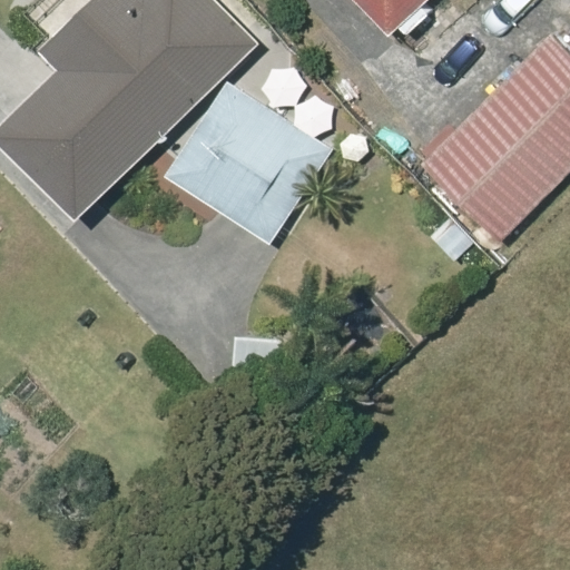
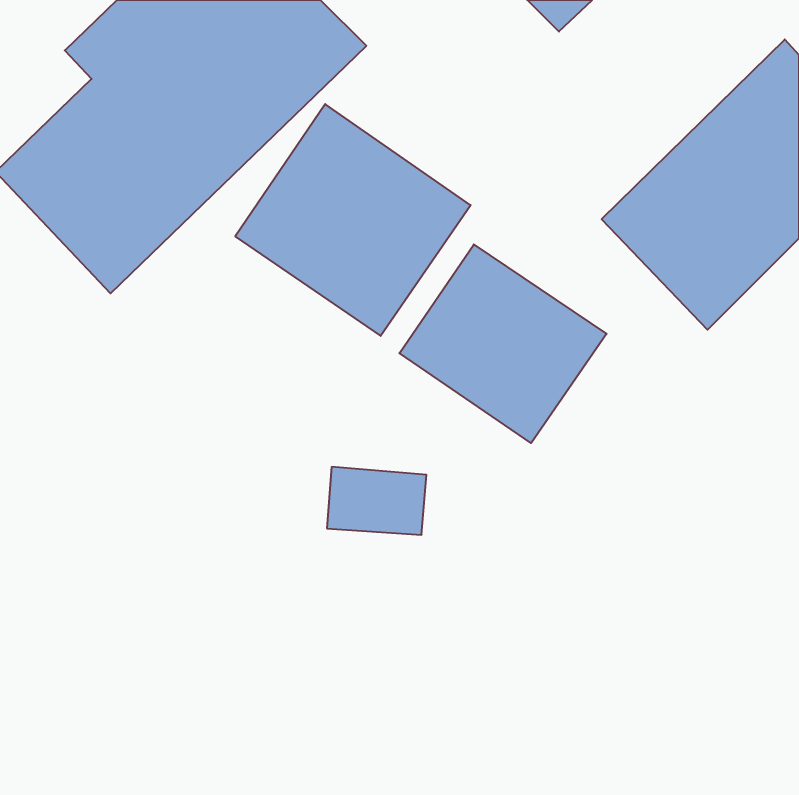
building: none -> [399,244,607,443]

